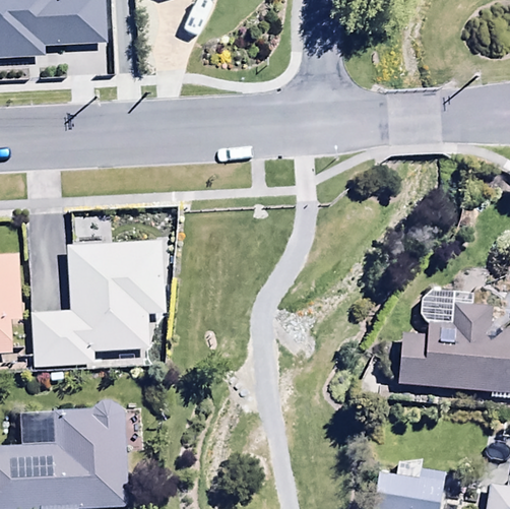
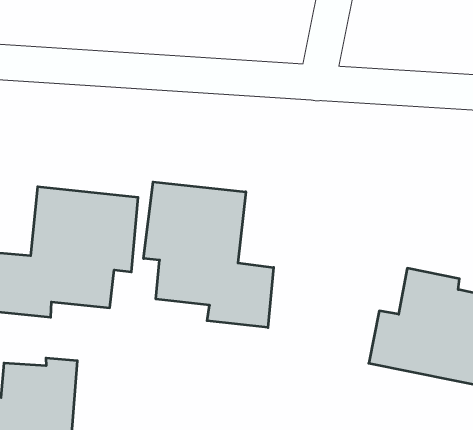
building: none -> [144,182,274,328]

